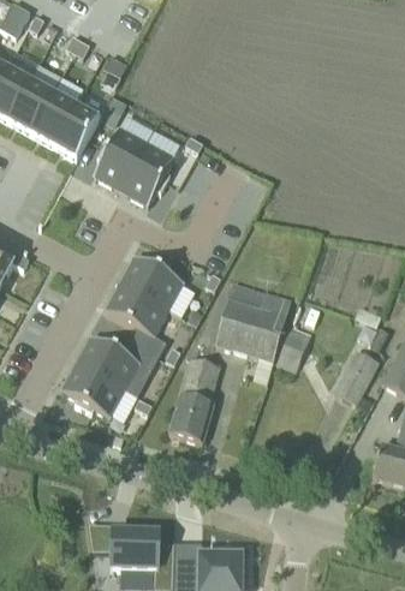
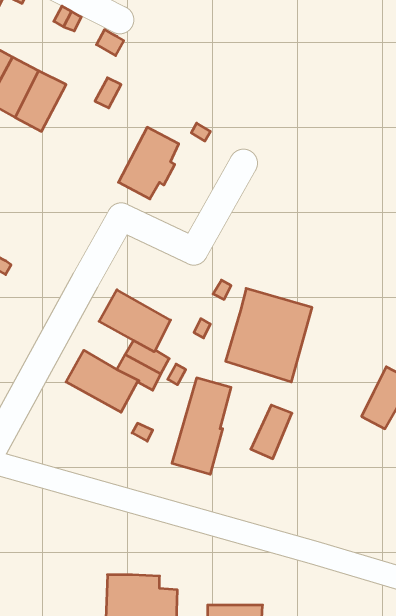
building: [54,103,100,157] -> none
building: [94,126,147,189] -> none
building: [120,255,183,309] -> none
building: [275,324,311,371] -> [251,405,292,459]
building: [61,363,124,417] -> none

